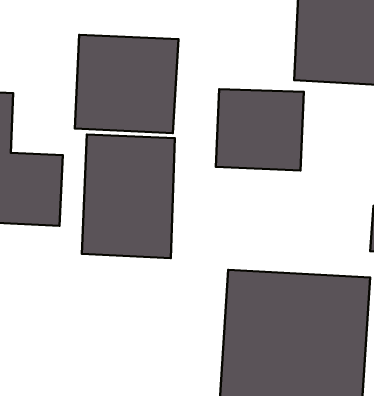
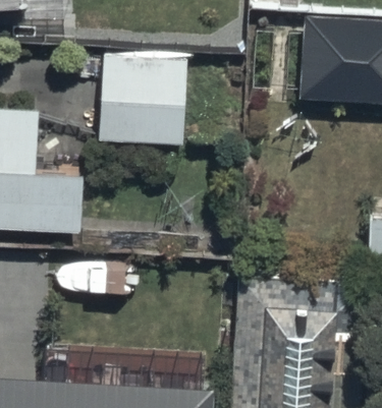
building: [216,89,304,170] -> none
building: [82,134,175,258] -> none

